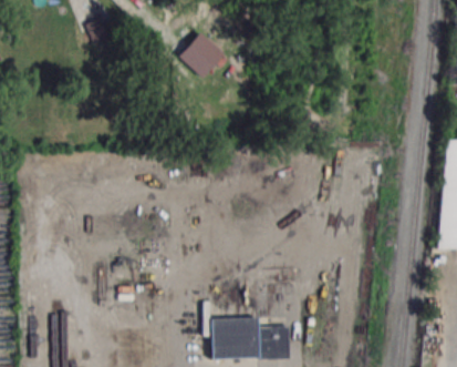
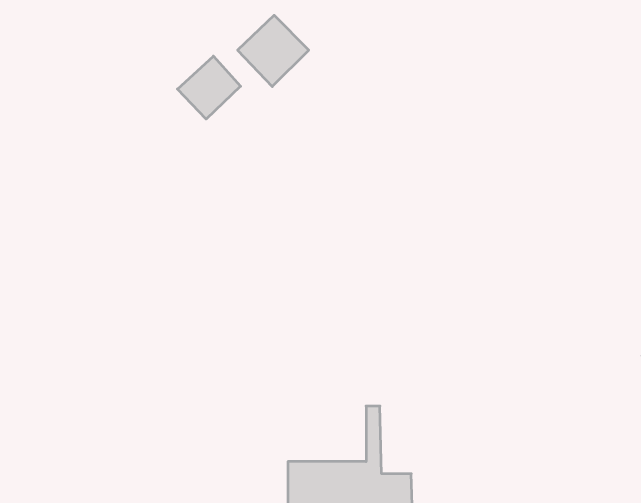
building: none -> [177,56,241,119]

